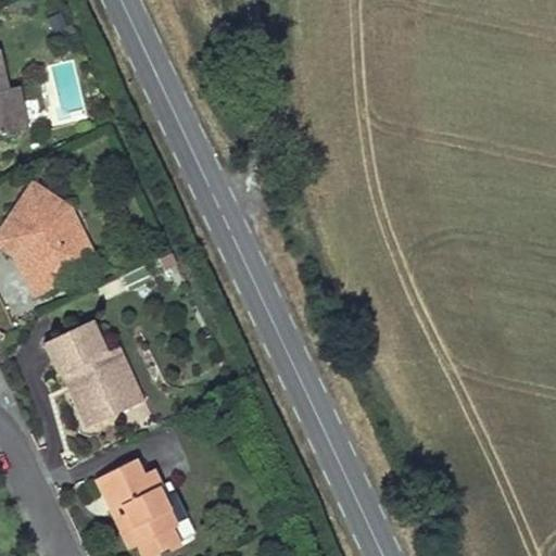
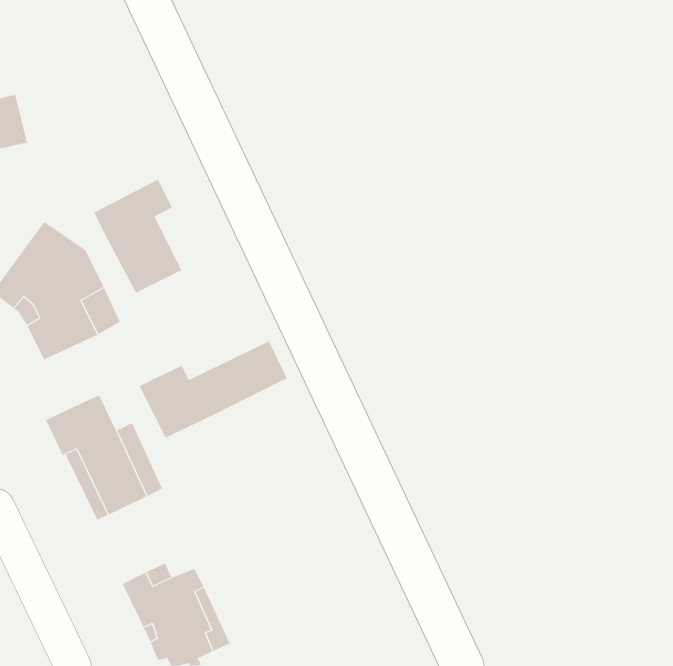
building: none -> [93,179,182,293]
building: none -> [139,340,287,439]

